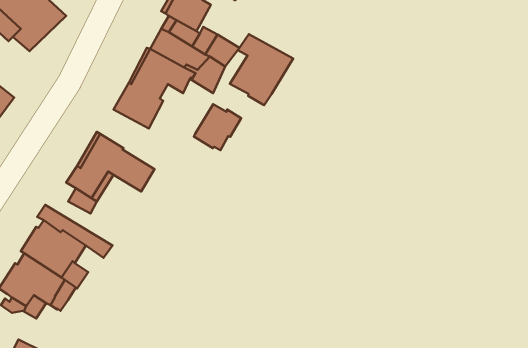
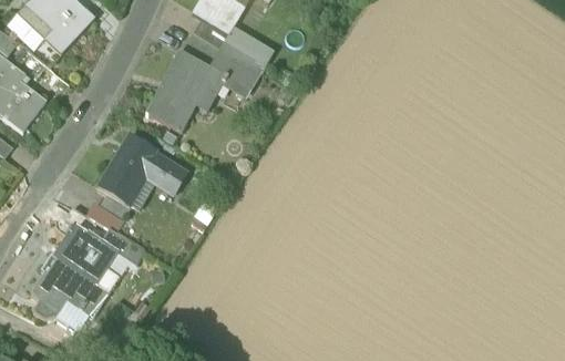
building: [230,34,293,105] -> none
building: [194,104,241,150] -> none

